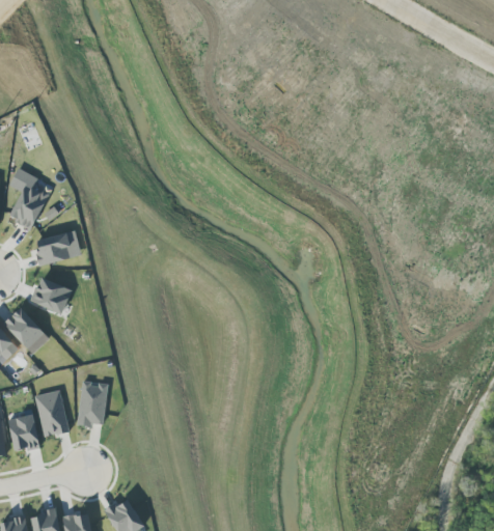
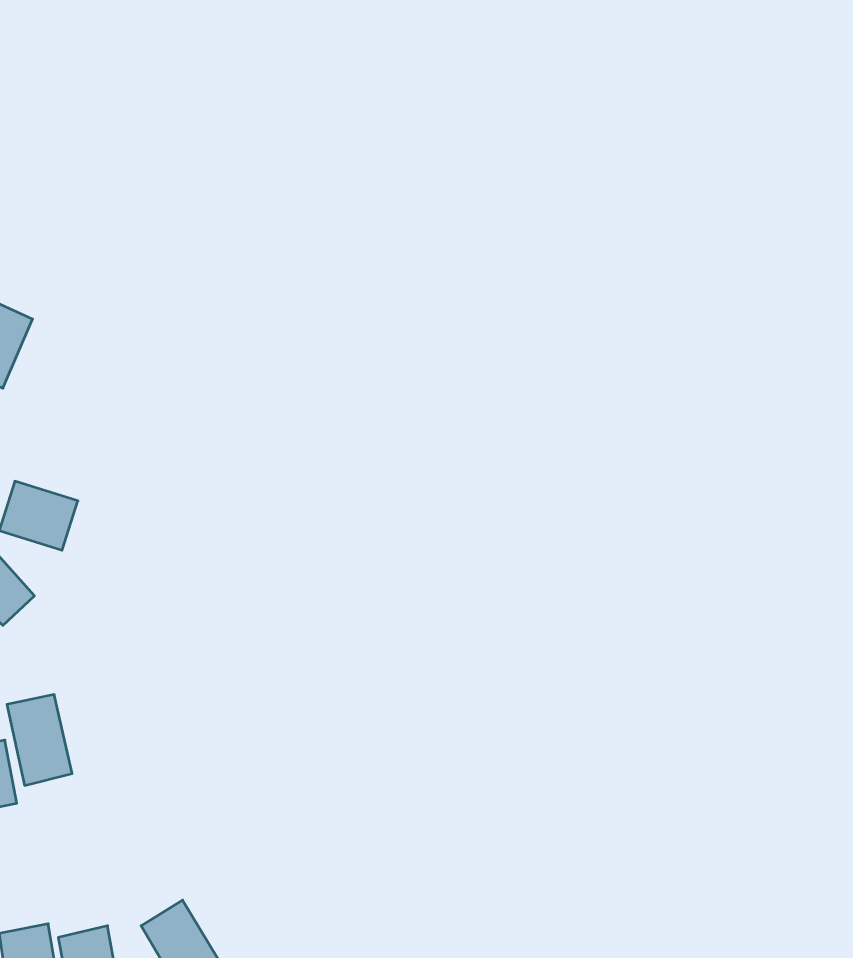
building: [35,231,81,264] -> none
building: [77,381,108,426] -> none

